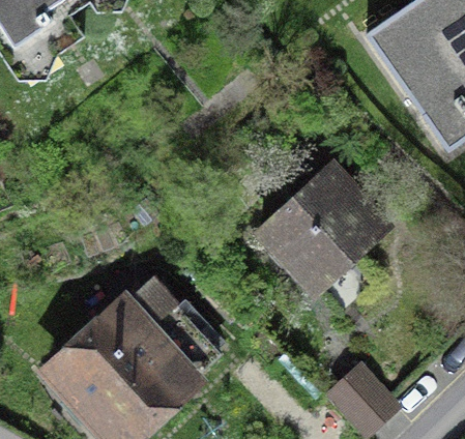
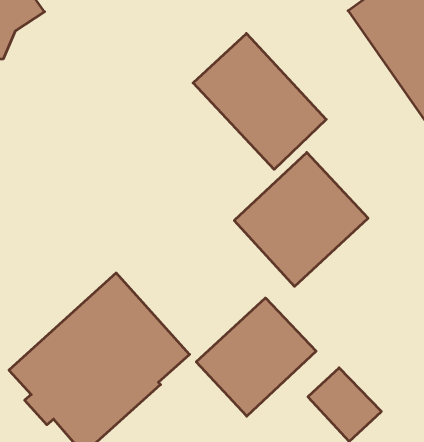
building: none -> [193,33,326,169]
building: none -> [196,298,316,416]

